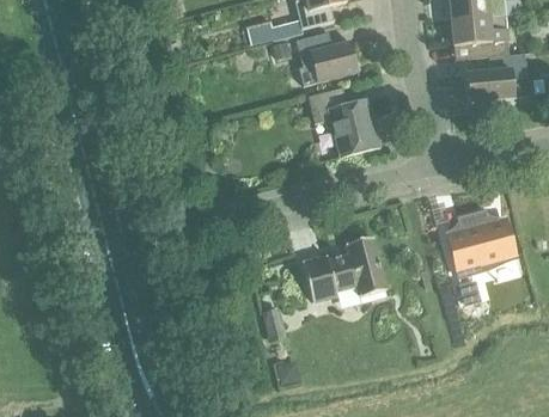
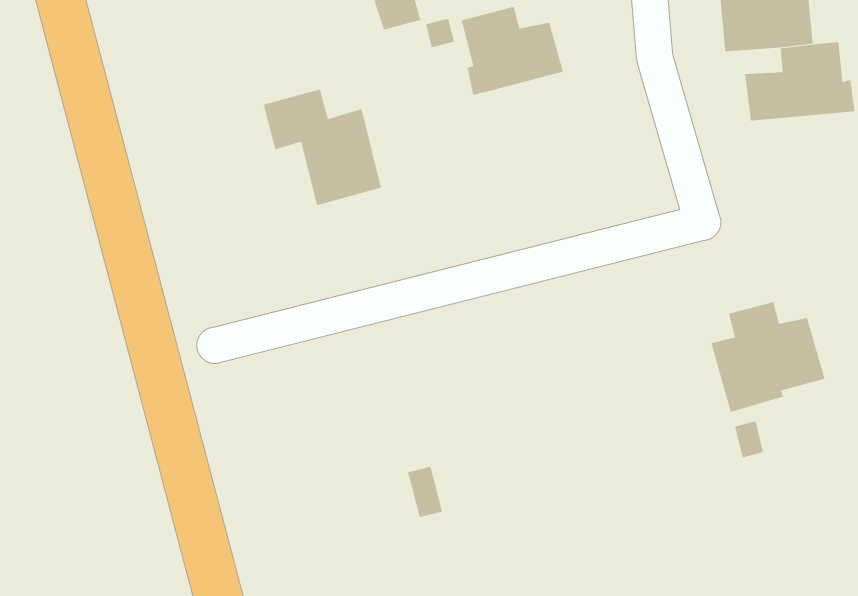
building: [307,86,379,157] -> [263,89,382,206]
building: [301,237,385,300] -> none

